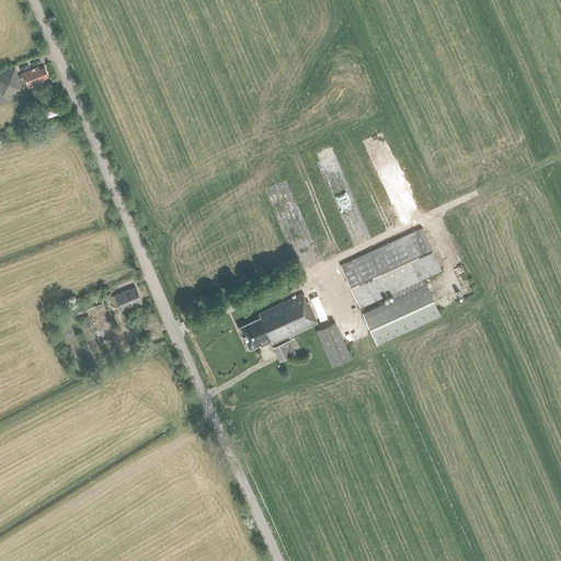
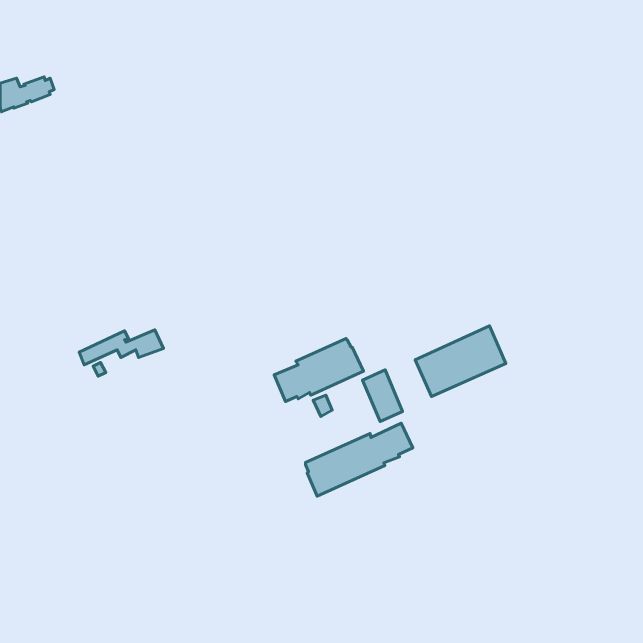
building: [340,228,440,308] -> none
building: none -> [306,423,413,496]

